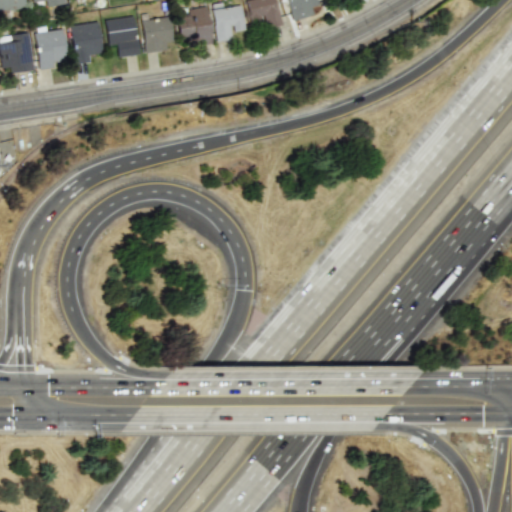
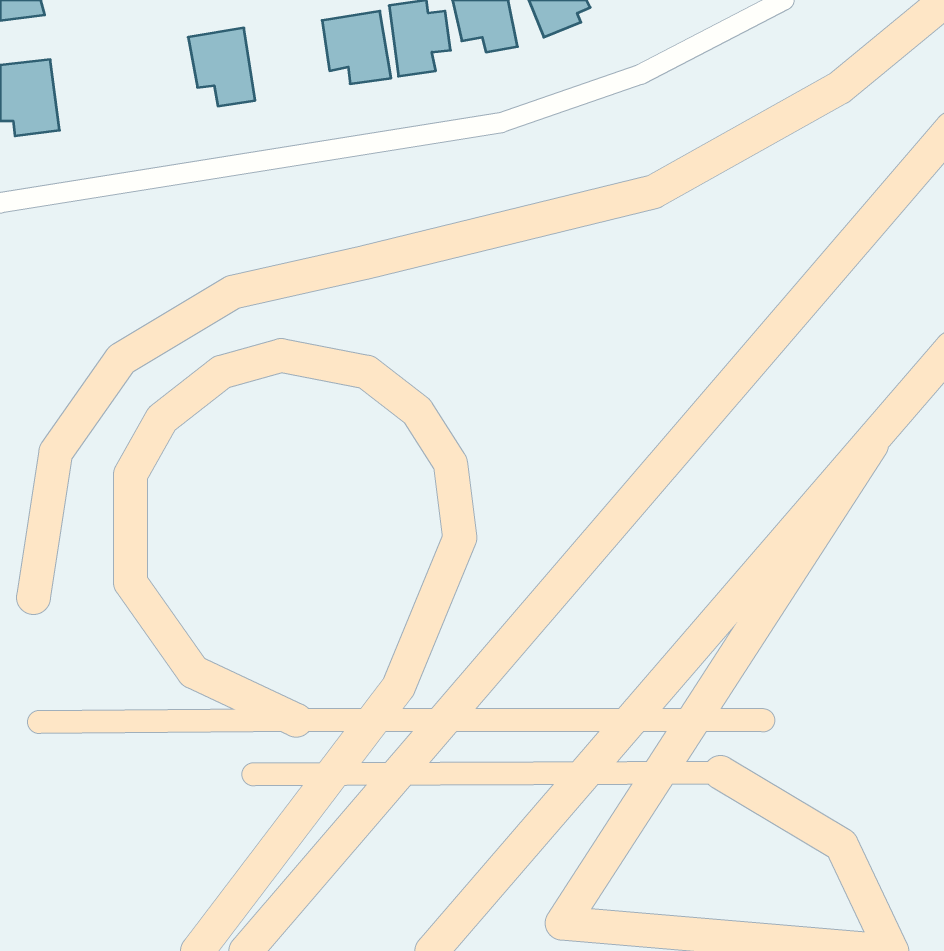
building: [142,16,175,52] -> none
building: [71,21,103,63] -> none
building: [34,24,69,69] -> none

